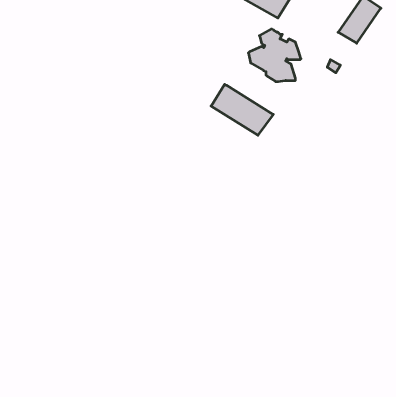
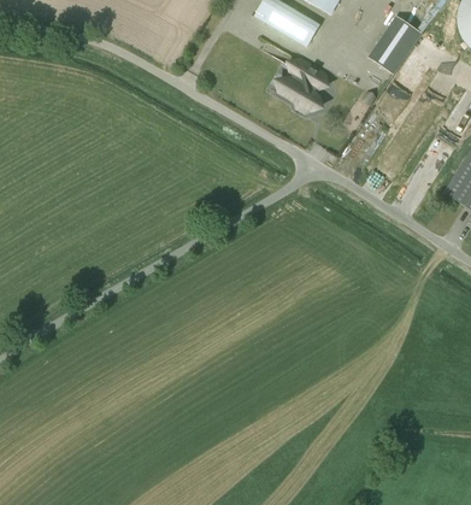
building: [211,84,273,135] -> none

